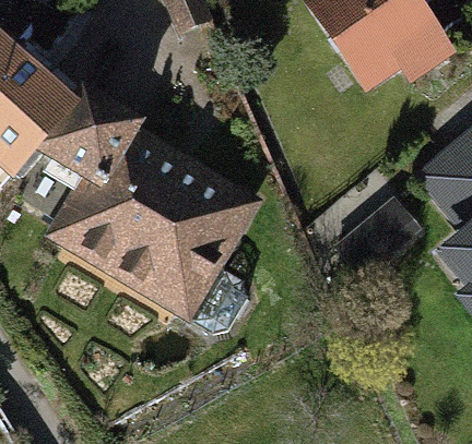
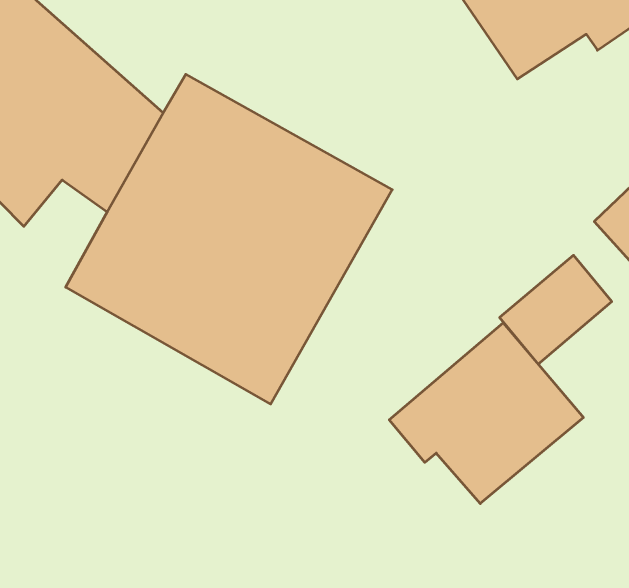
building: none -> [389,323,583,504]

